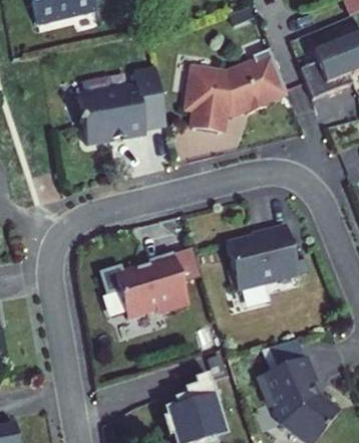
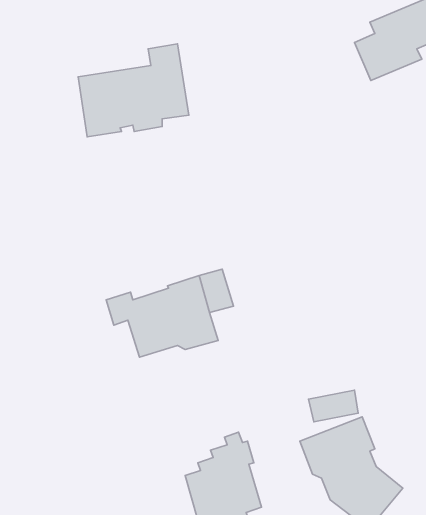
building: [187,45,288,131] -> none
building: [229,222,301,286] -> none

